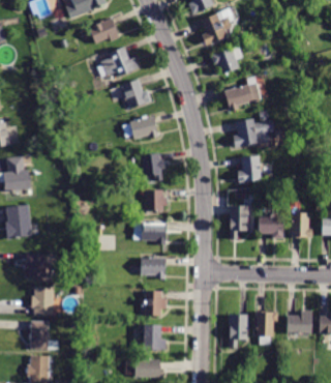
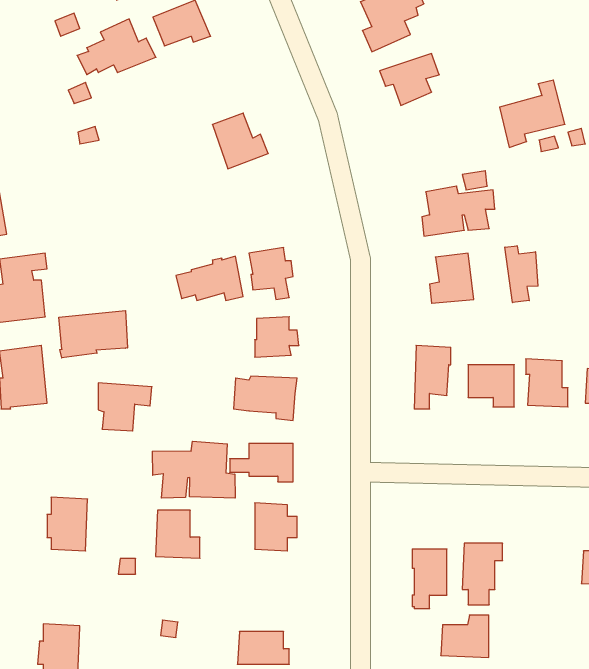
building: [96,48,139,78] -> [77,19,156,75]
building: [224,76,260,112] -> [500,80,565,147]
building: [122,115,158,139] -> [176,256,243,300]
building: none -> [505,246,538,303]
building: none -> [59,311,127,358]
building: [27,253,56,278] -> [98,383,152,431]
building: none -> [152,441,235,498]
building: [287,311,312,333] -> [441,615,489,657]
building: [28,321,59,350] -> none
building: [142,325,166,351] -> [156,510,200,558]

